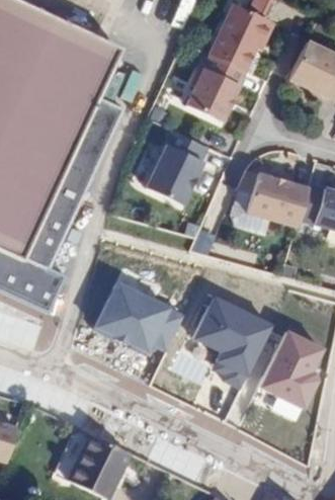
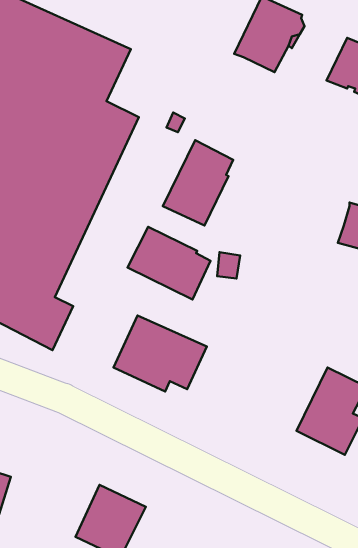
building: [182,54,243,121] -> none
building: [237,170,309,227] -> none
building: none -> [127,227,211,299]
building: [198,300,271,388] -> none

